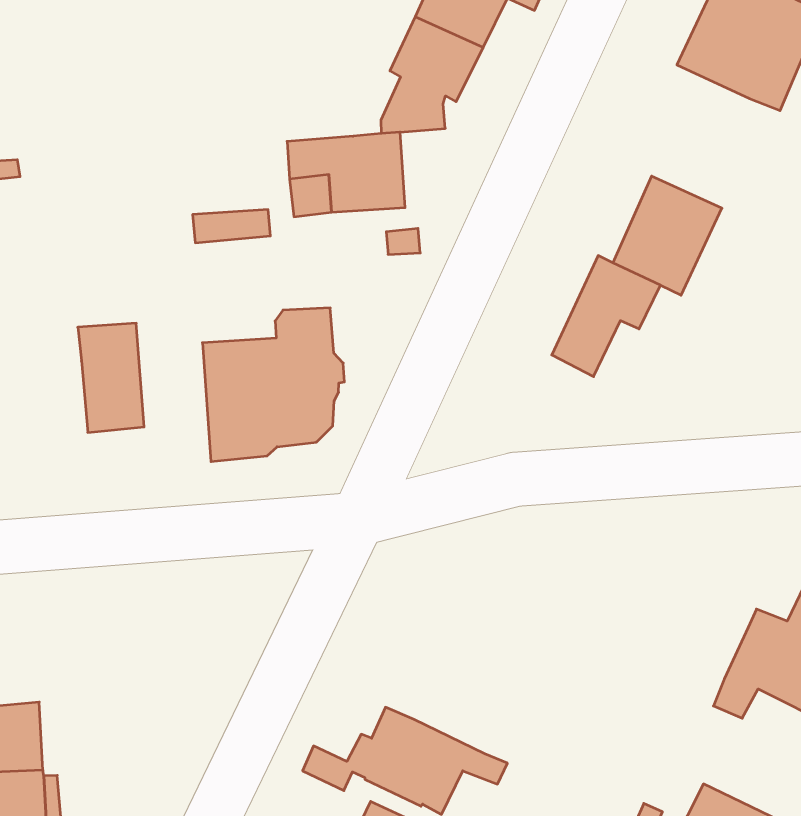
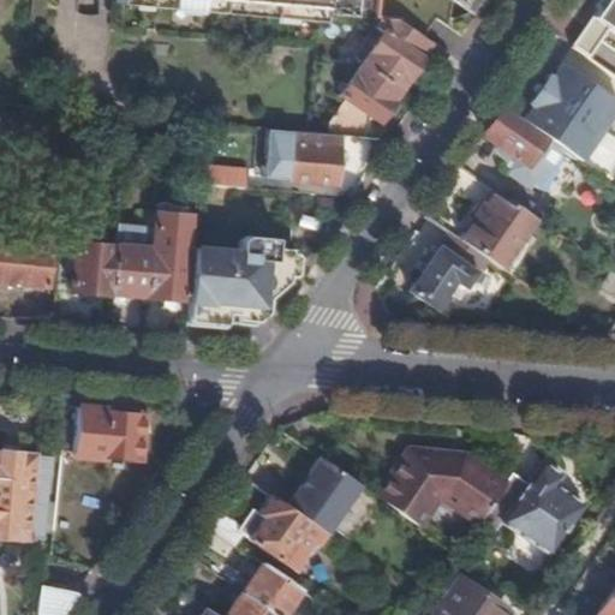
building: none -> [485,108,566,190]
building: none -> [150,210,192,298]
building: none -> [74,243,118,292]
building: none -> [381,450,509,526]
building: none -> [55,406,147,460]
building: none -> [289,458,365,536]

